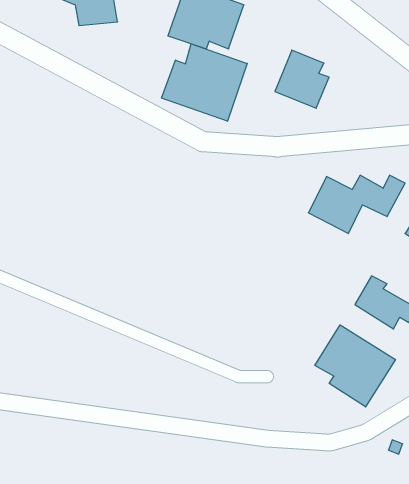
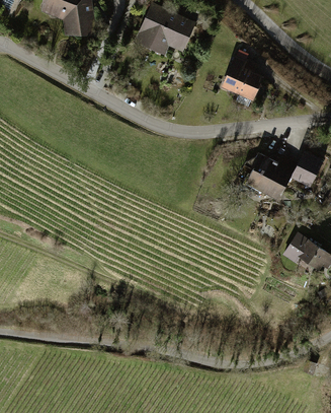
building: [161,44,247,121] -> none
building: [315,325,395,407] -> none

